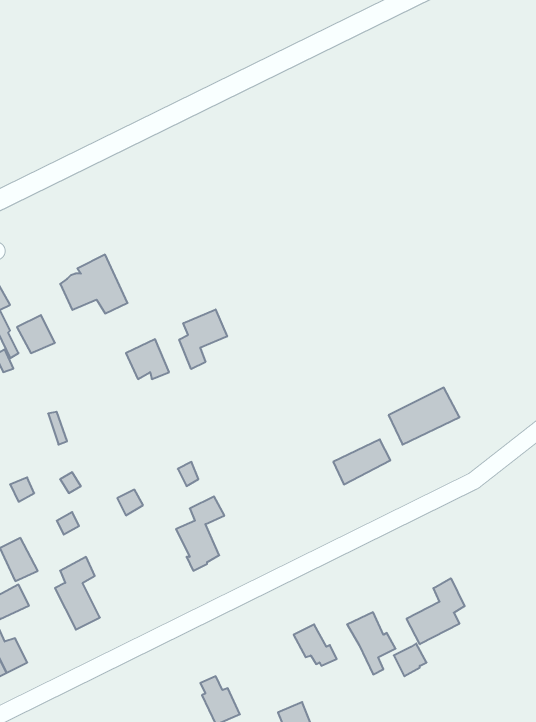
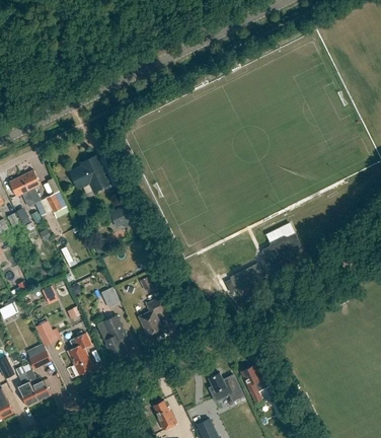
building: [179,309,227,369] -> none
building: none -> [102,314,127,358]
building: [407,578,465,644] -> none

